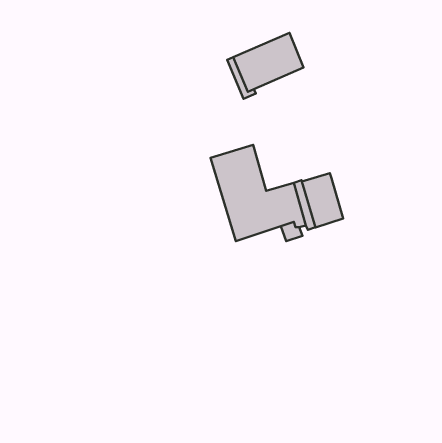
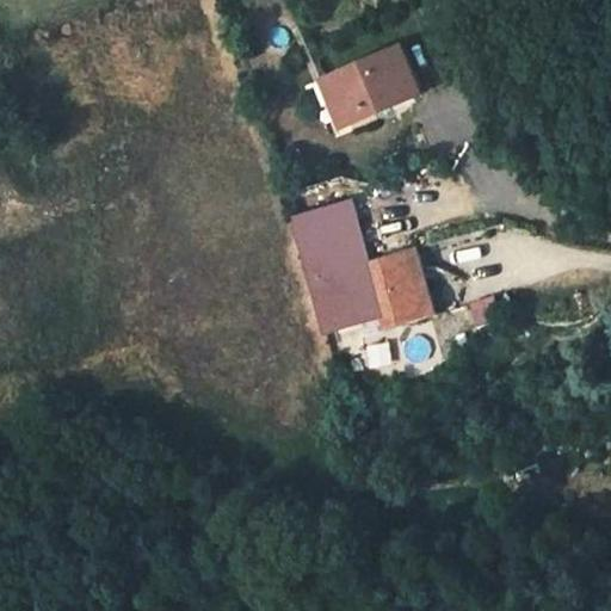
building: [302,173,343,228] -> none

